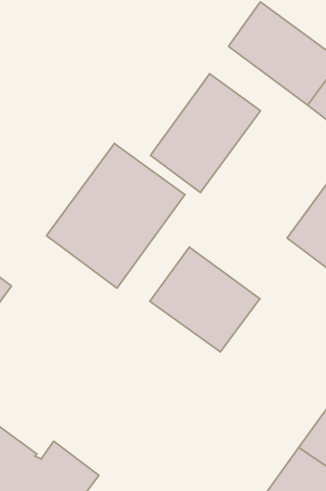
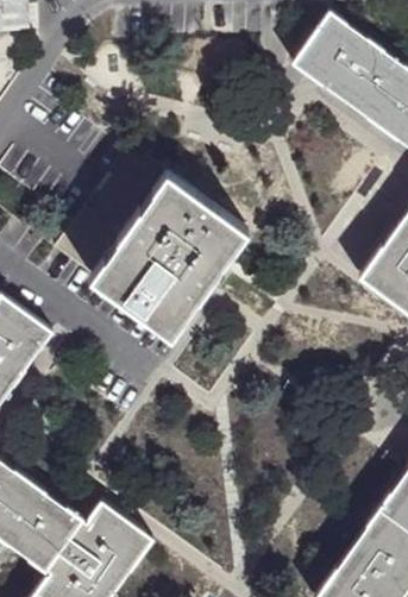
building: [151,74,260,193] -> none
building: [150,247,260,352] -> none

